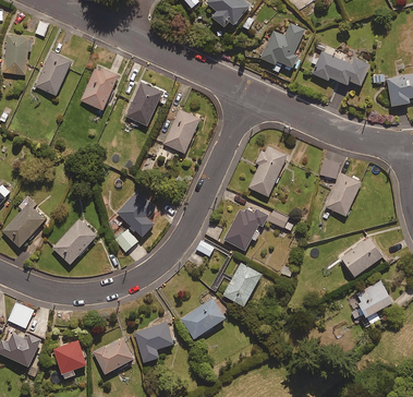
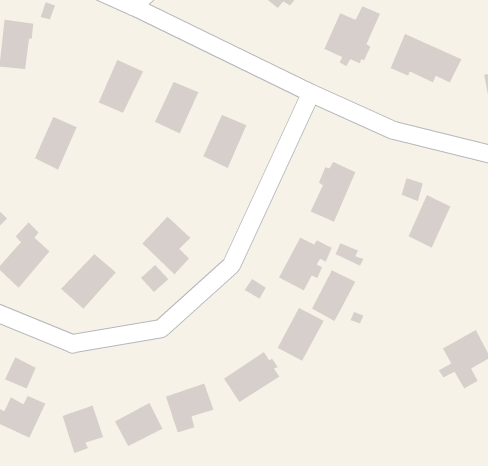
building: [35,51,70,95] -> [34,116,78,171]
building: none -> [311,269,356,322]
building: [340,237,384,276] -> none

